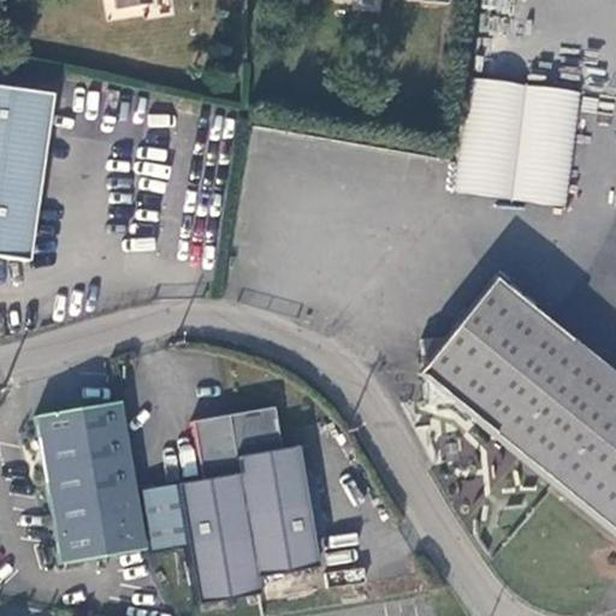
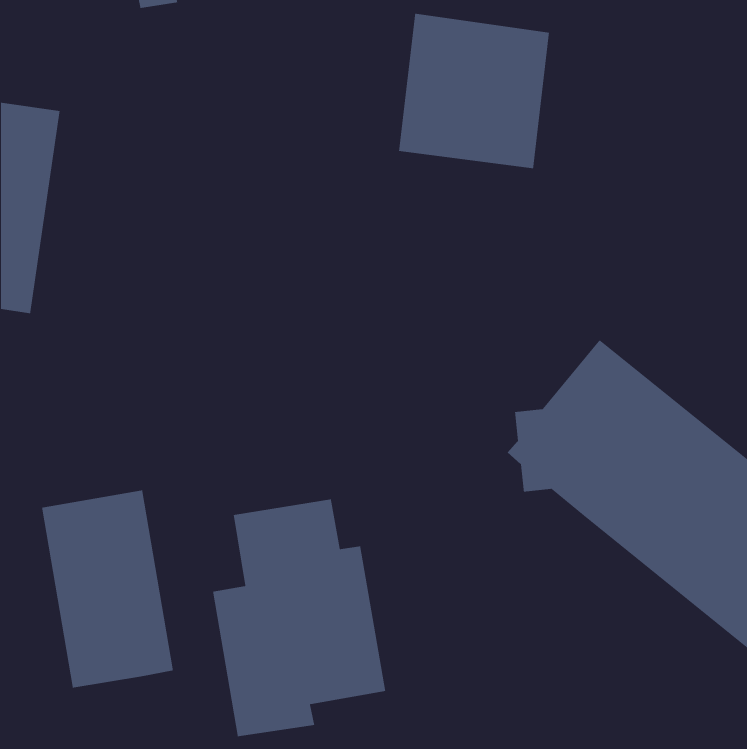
building: [457,75,581,202] -> [398,13,550,169]
building: [144,484,189,549] -> none

